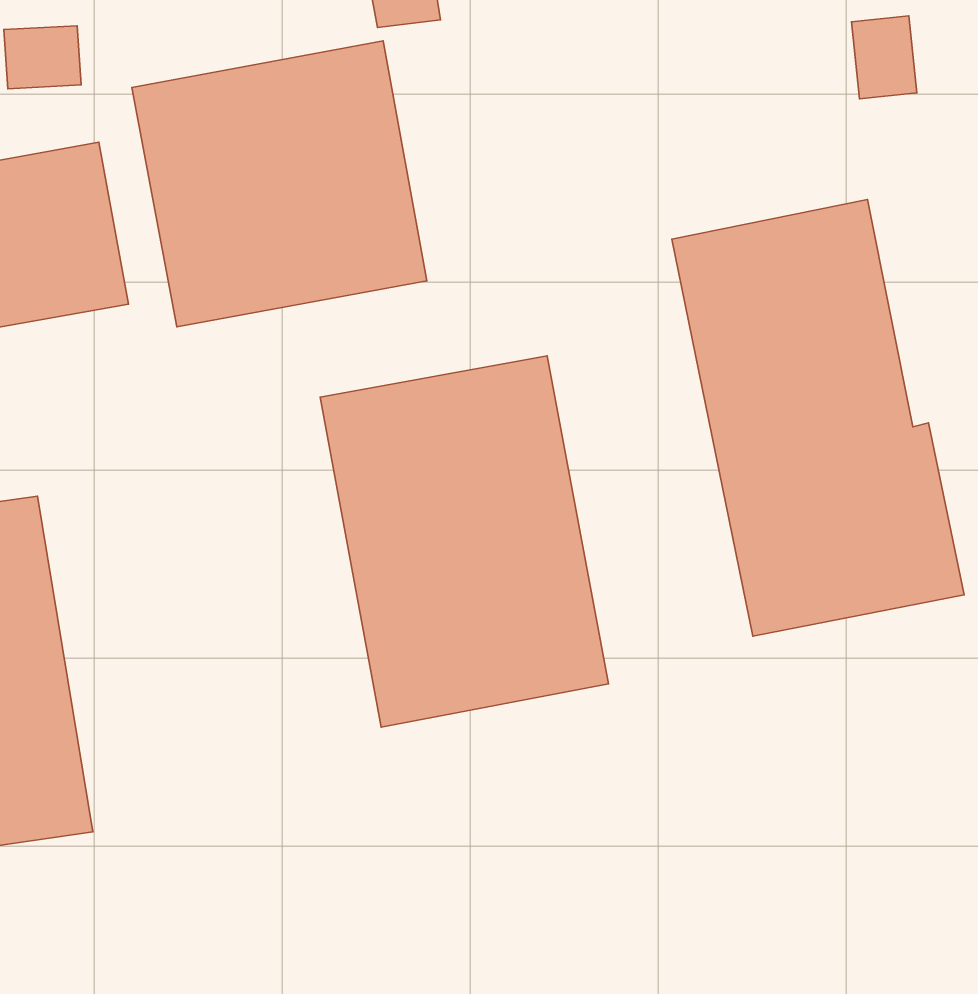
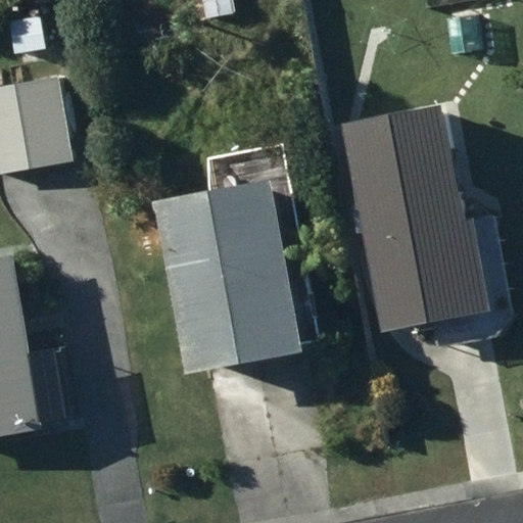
building: [132,41,427,327] -> none

